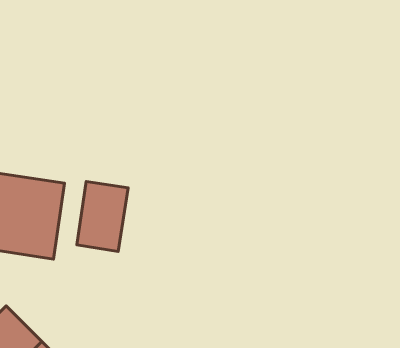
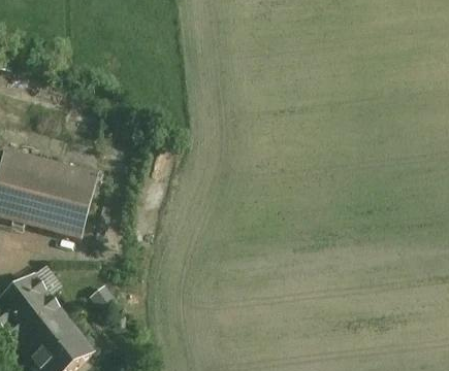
building: [77,182,128,252] -> none

